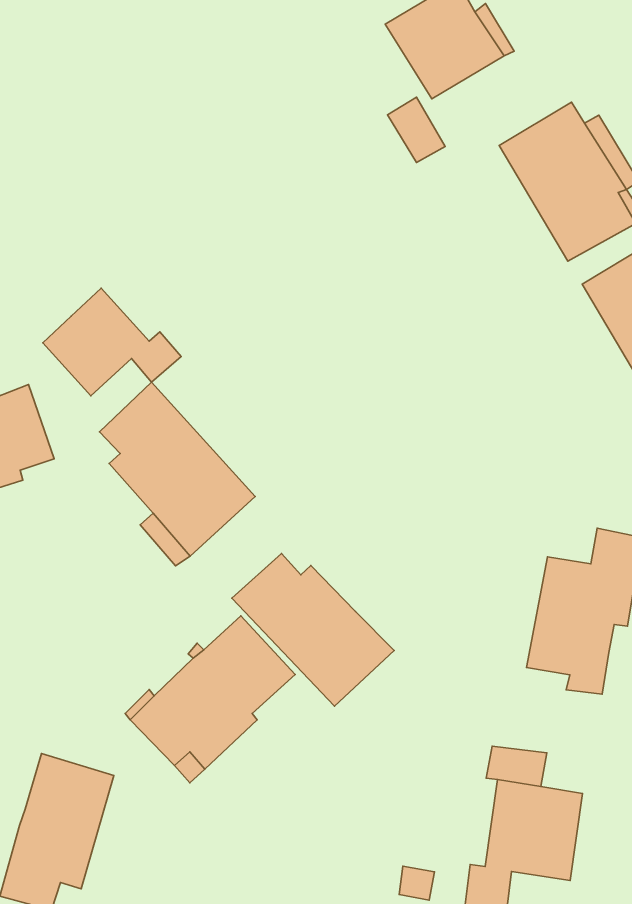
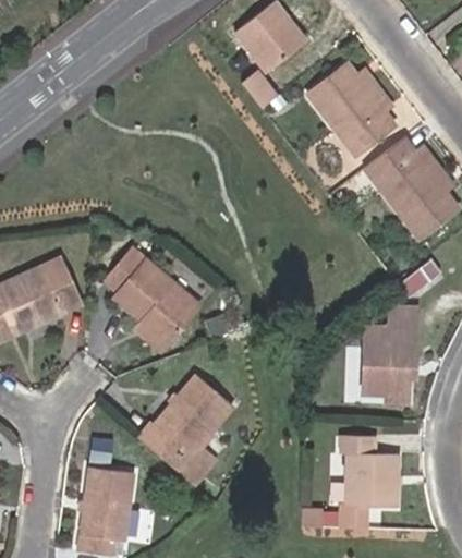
building: [43,288,181,396] -> none
building: [232,553,394,706] -> none

